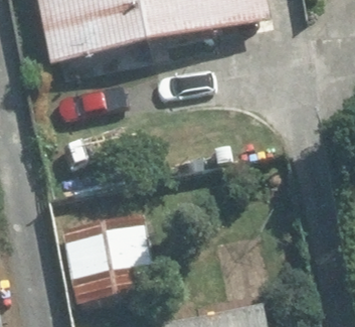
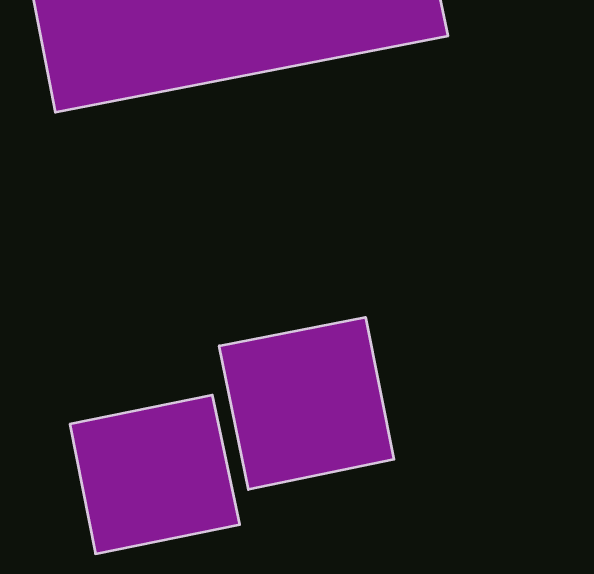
building: none -> [219,317,394,490]

